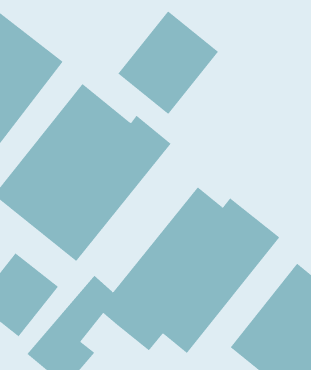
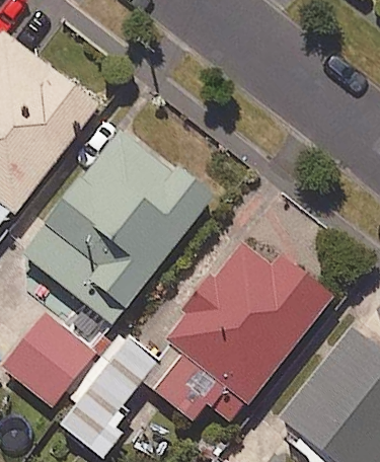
building: [117,10,219,115] -> none

